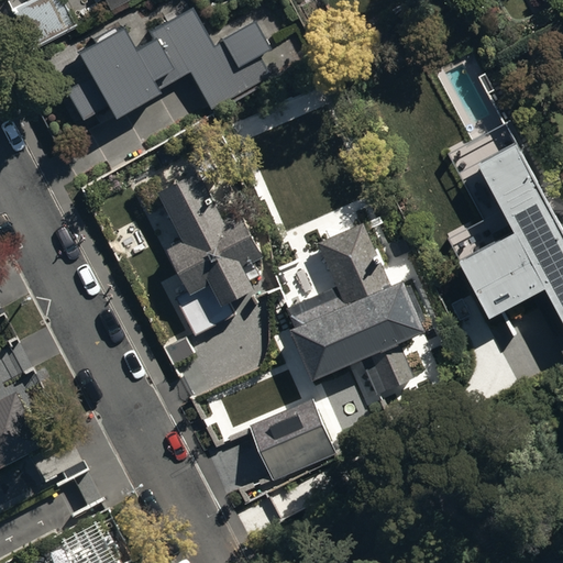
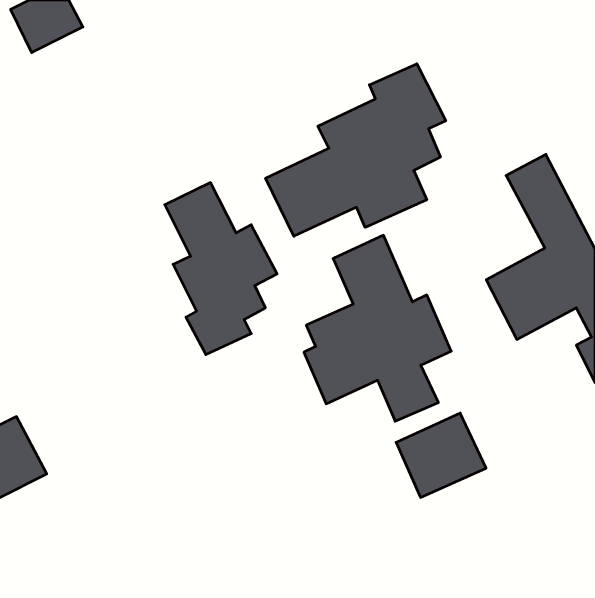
building: [64,8,271,121] -> none
building: none -> [266,64,446,236]
building: [249,397,333,476] -> [396,413,486,497]

